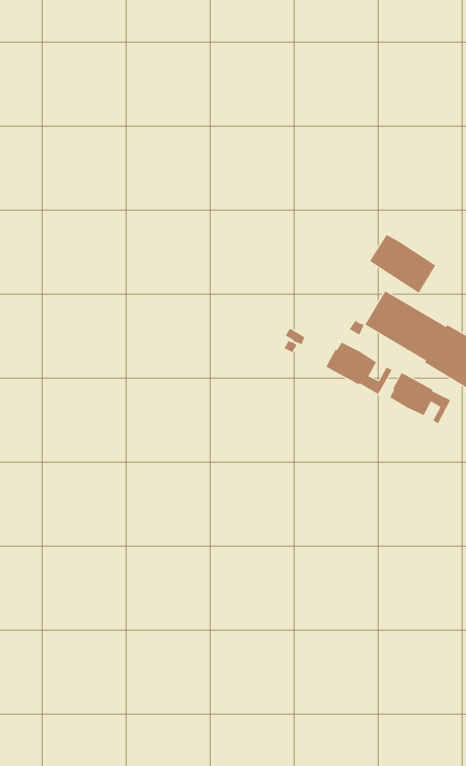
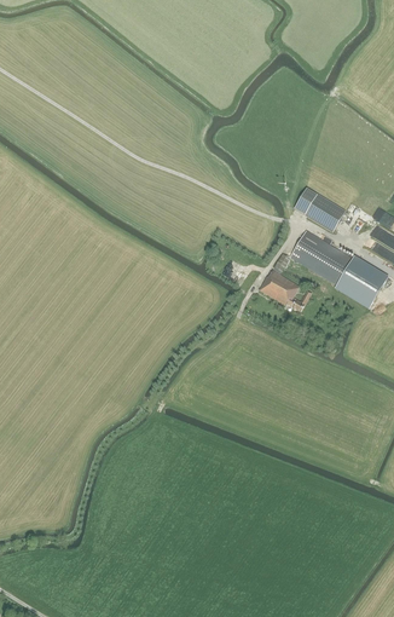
building: [389,372,451,424] -> none

